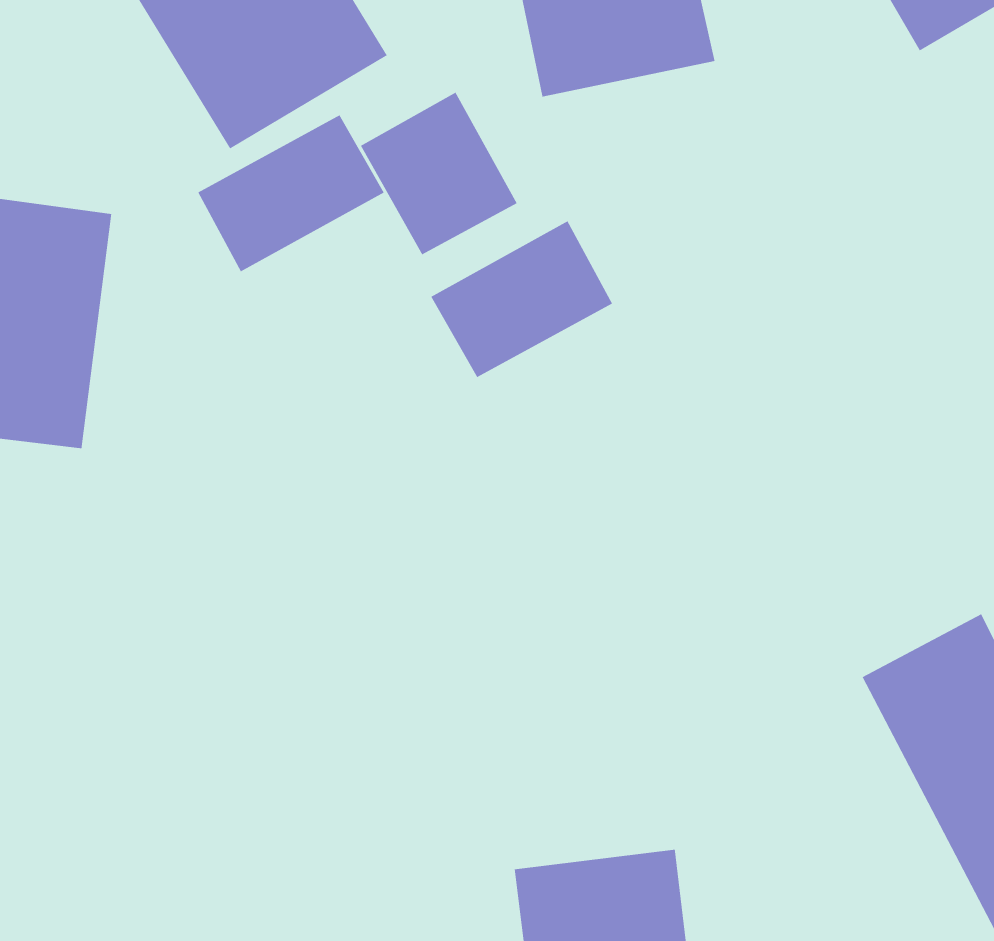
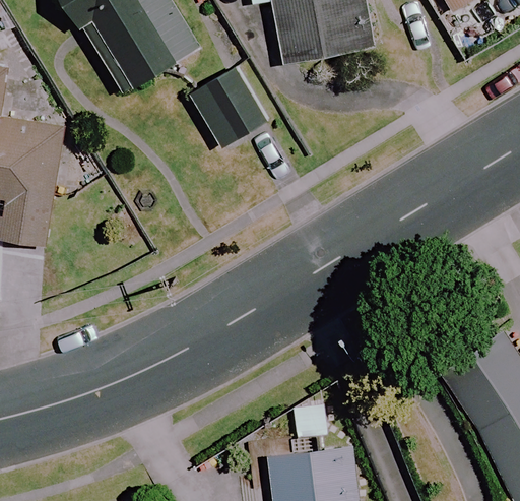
building: [197,114,385,273] -> none
building: [430,220,613,378] -> none

